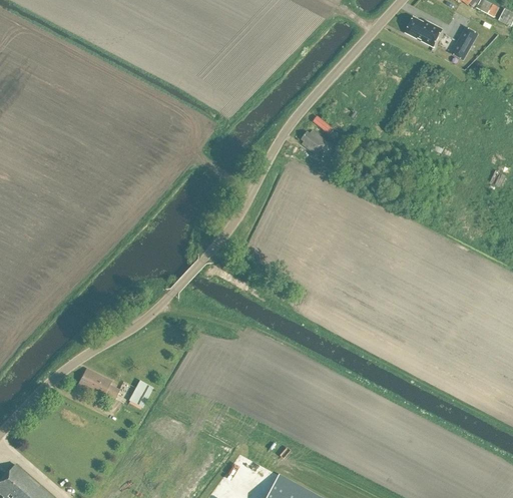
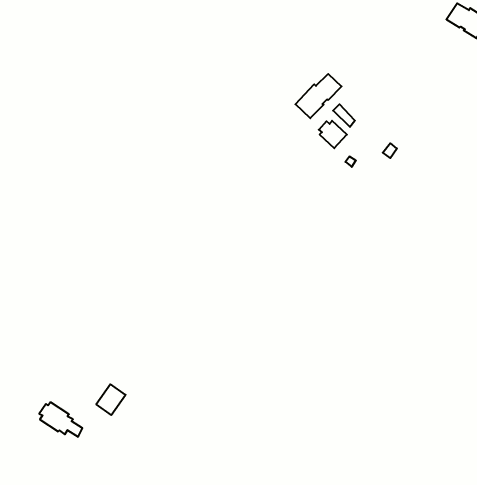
building: none -> [295,74,342,118]
building: [78,369,117,397] -> [39,402,82,437]

